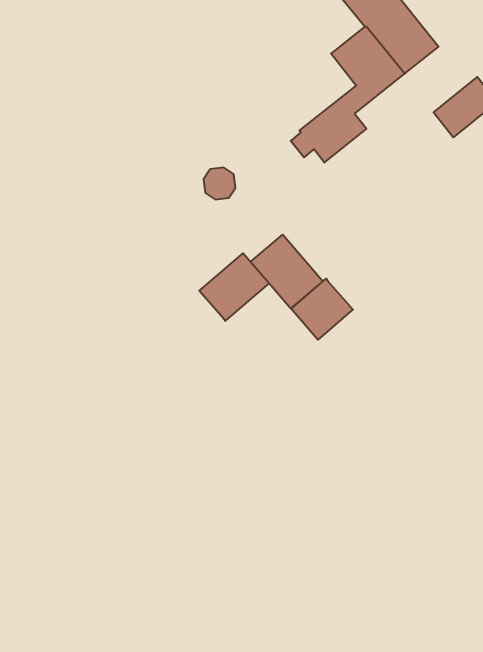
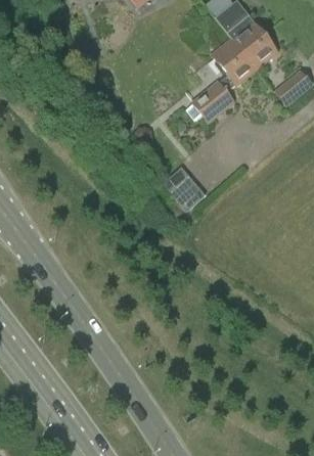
building: [199,253,269,321] -> none
building: [291,279,353,340] -> none

